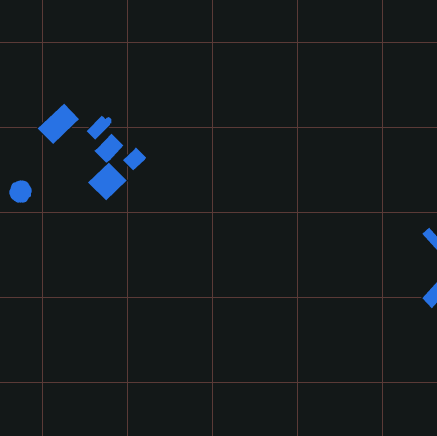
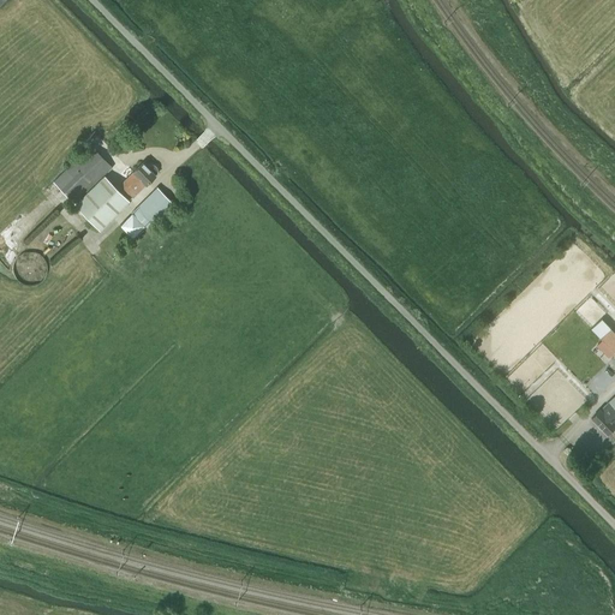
building: [122,146,147,171] -> none
building: [87,162,128,201] -> [76,177,132,232]

